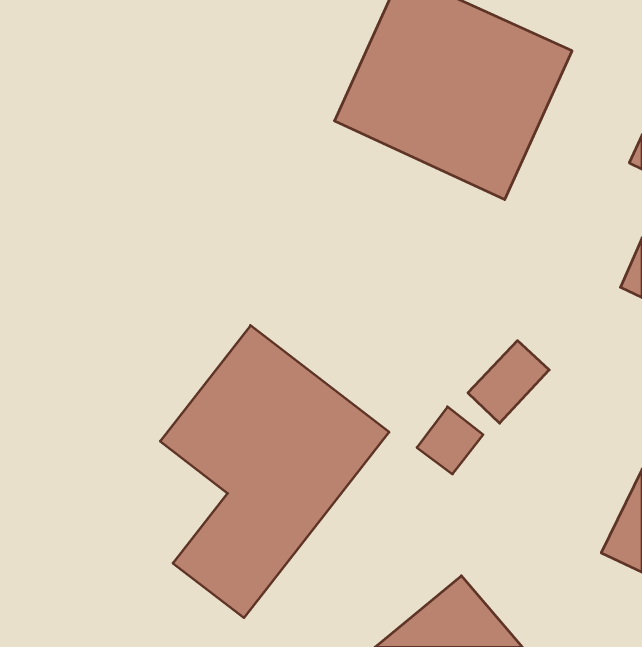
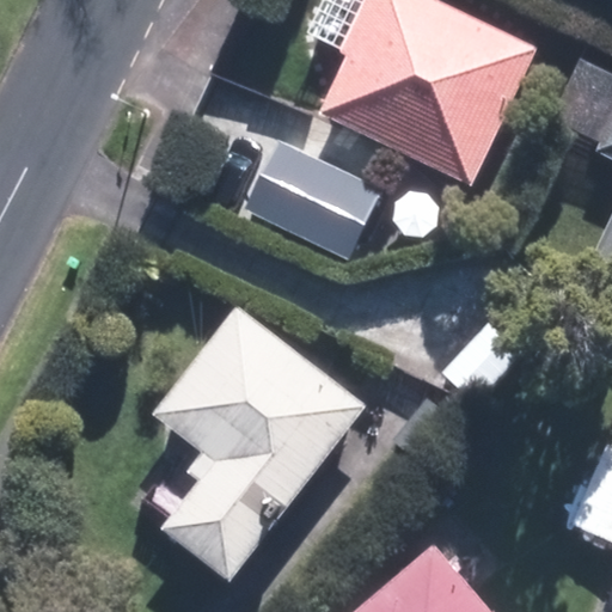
building: none -> [239,139,381,261]

